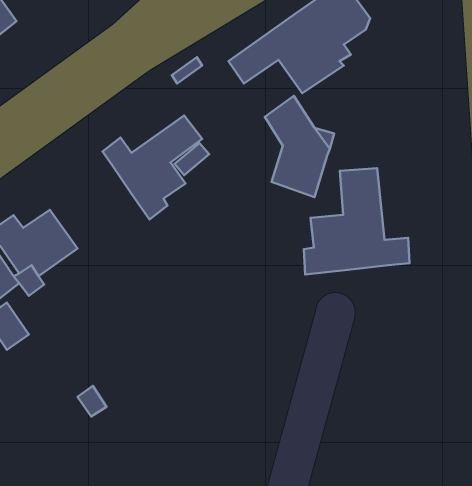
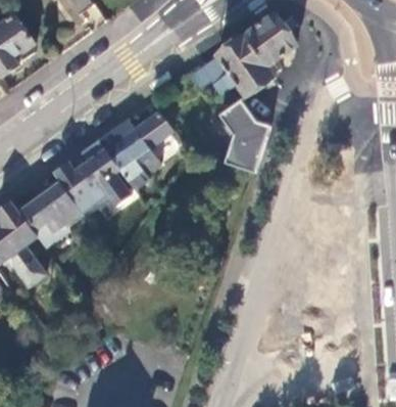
building: none -> [51,150,129,214]
building: [304,168,410,275] -> none

